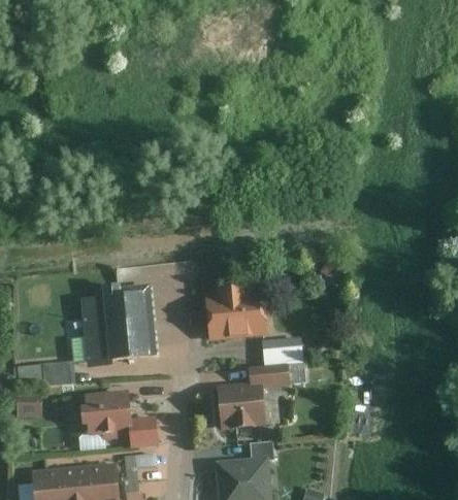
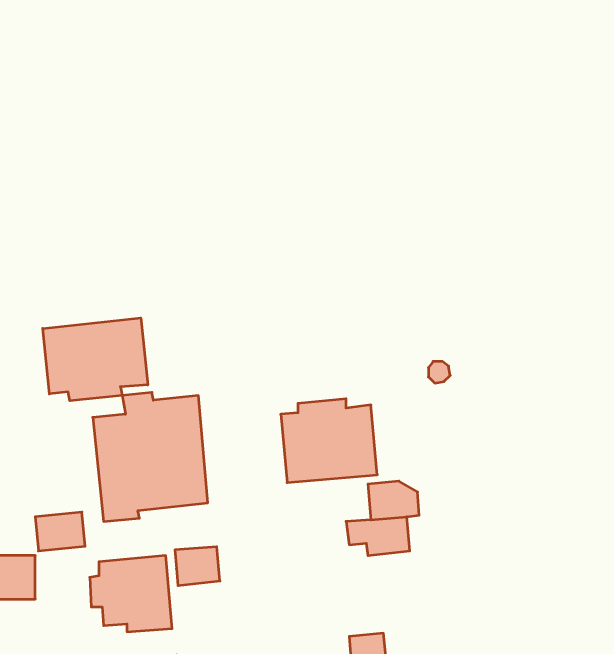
building: none -> [43,318,148,401]
building: [216,379,265,429] -> none
building: [130,422,160,447] -> [175,547,220,586]

